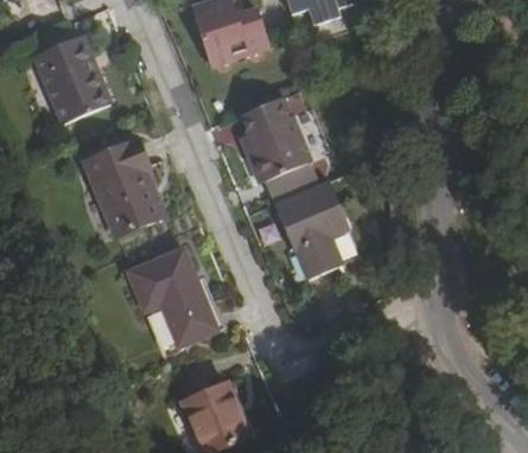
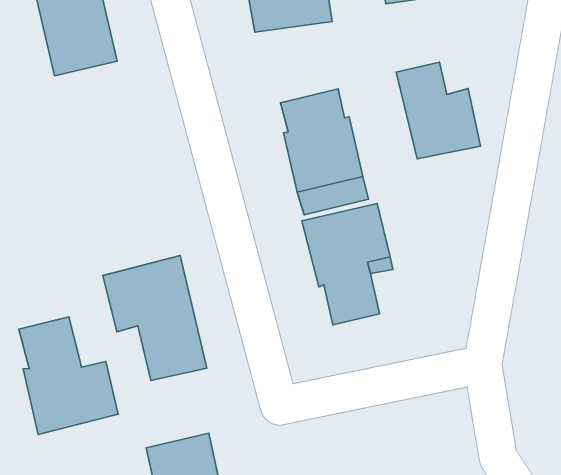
building: none -> [396,62,481,159]
building: [85,136,161,230] -> none
building: none -> [19,317,118,435]

